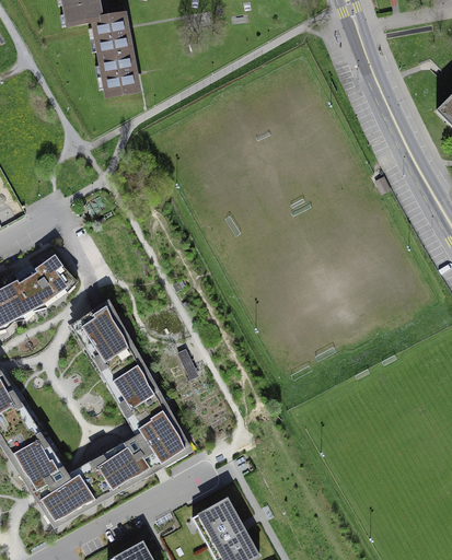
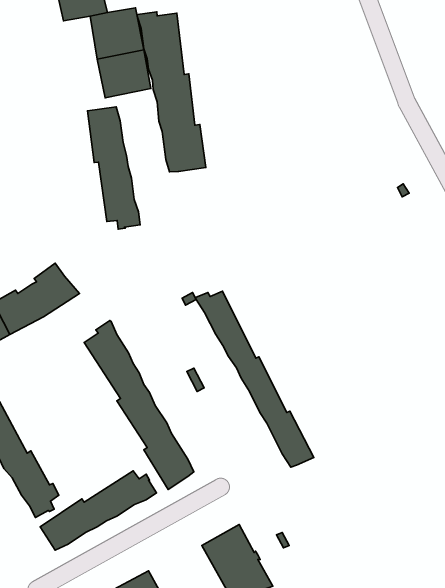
building: none -> [137,12,206,172]
building: none -> [88,107,140,229]
building: none -> [196,291,314,467]

